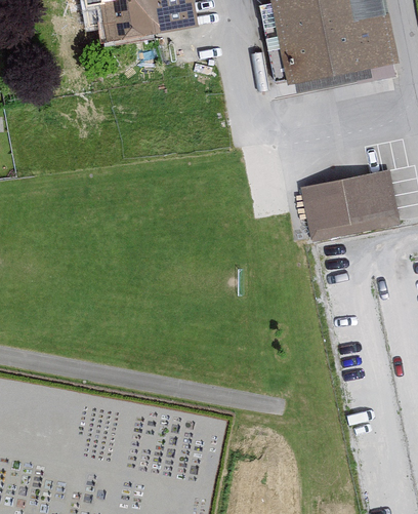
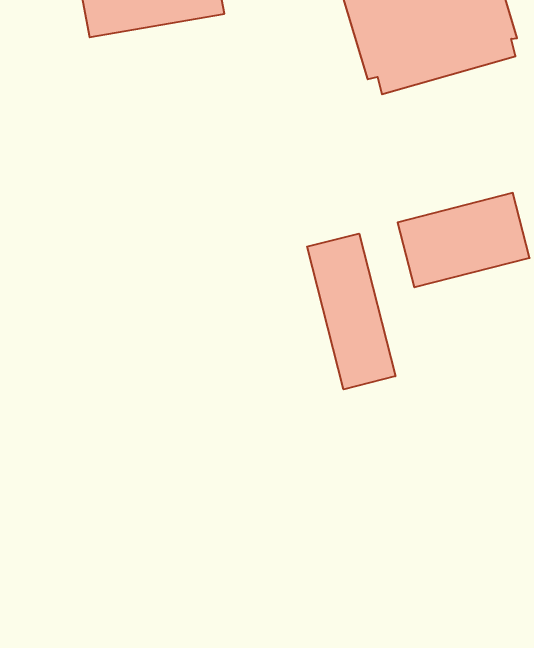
building: none -> [307,234,395,389]

